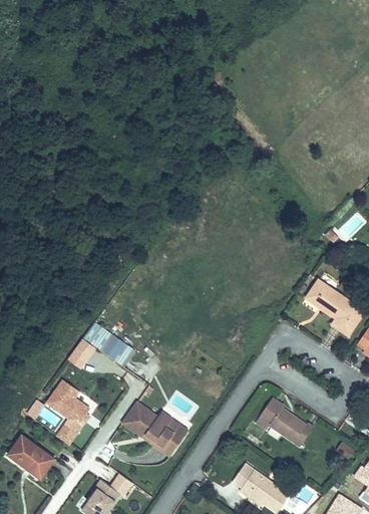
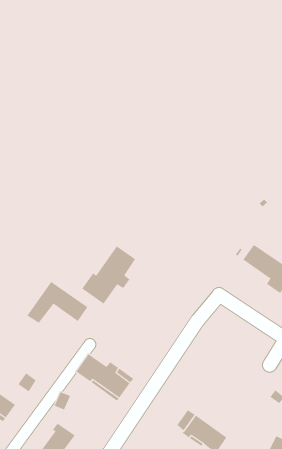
building: none -> [81,246,136,305]
building: [46,379,89,425] -> none
building: [256,399,313,446] -> none

